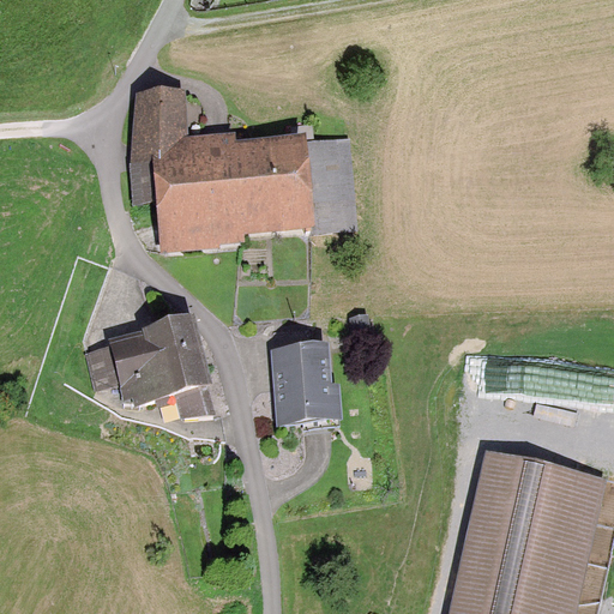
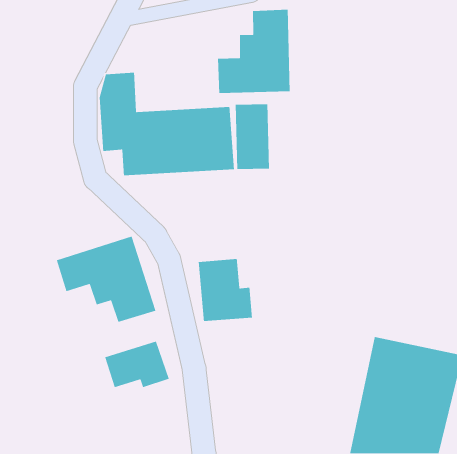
building: none -> [217,9,291,94]
building: none -> [104,340,170,388]

